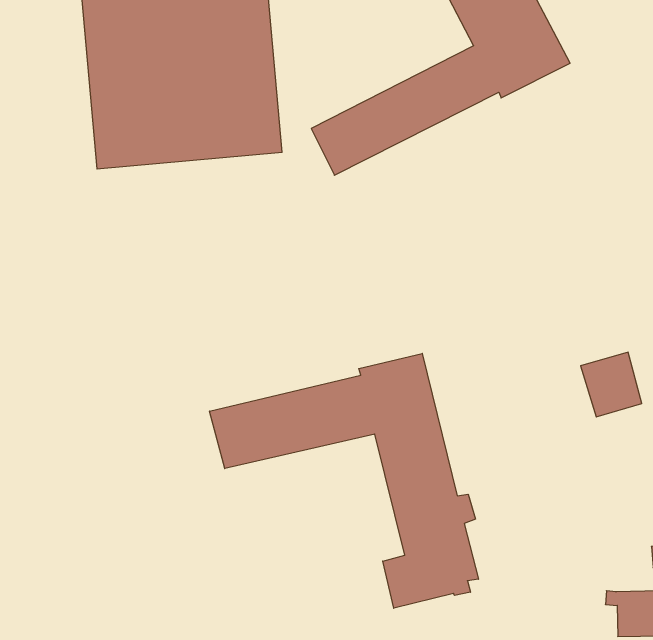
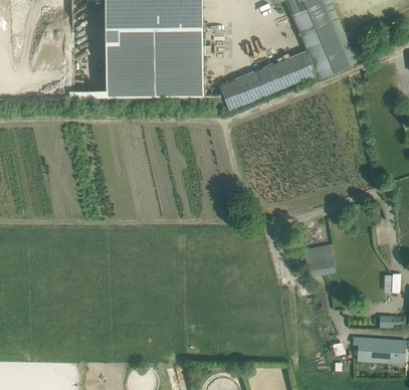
building: [581,352,642,417] -> [303,244,334,276]
building: [210,353,478,608] -> none

